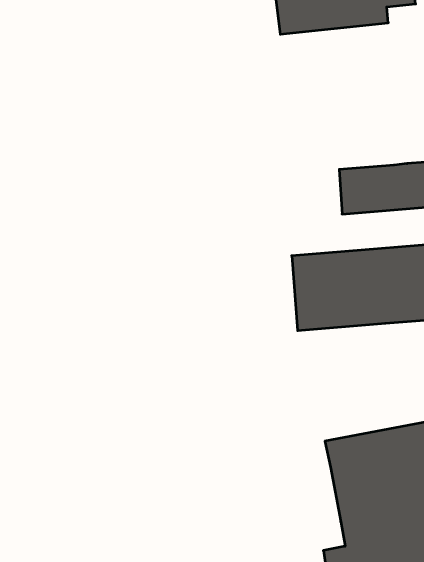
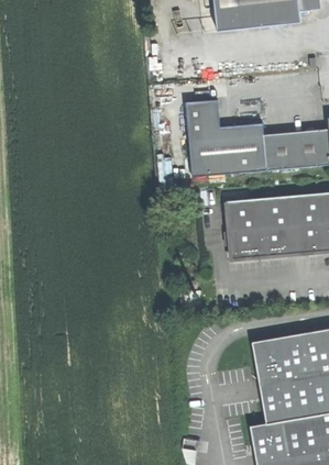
building: none -> [185,99,264,176]

